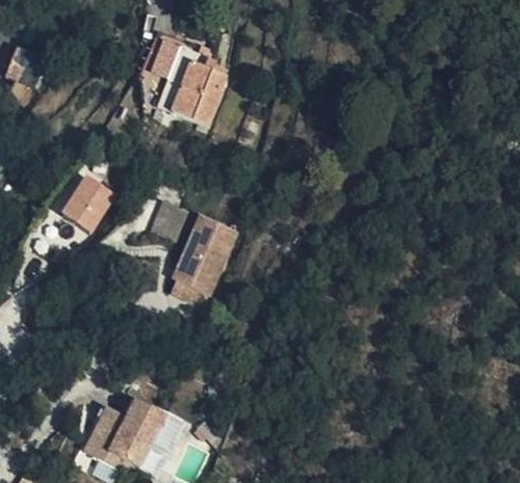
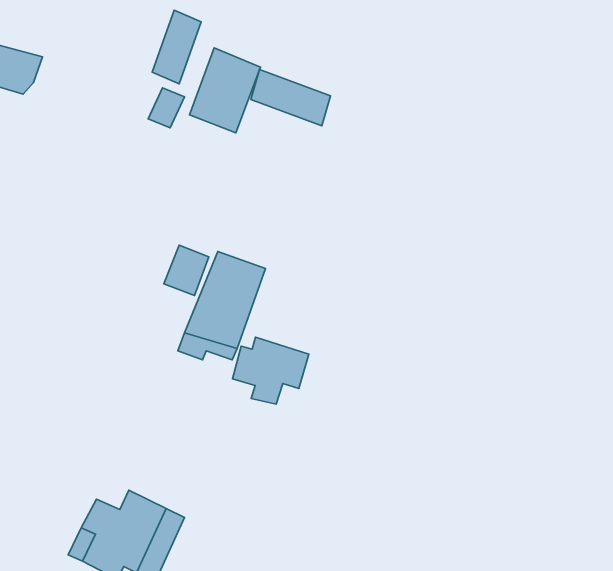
building: none -> [251,70,330,126]
building: [64,183,119,241] -> none
building: none -> [233,337,309,404]

